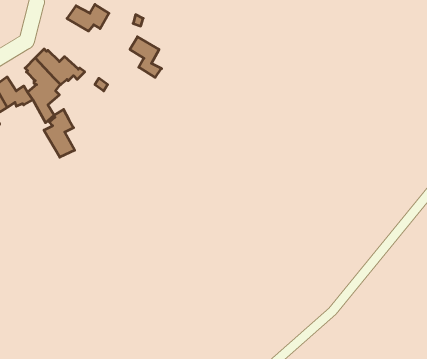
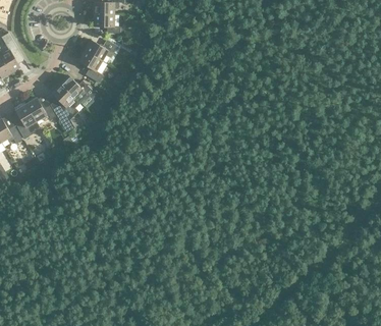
building: [130,37,162,77] -> [77,50,103,83]
building: [44,109,75,157] -> none

